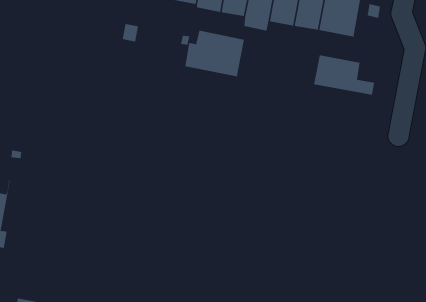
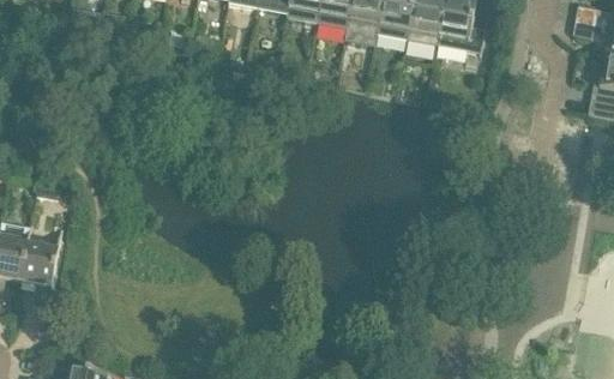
building: [185,30,244,77] -> none
building: [314,55,375,95] -> none

